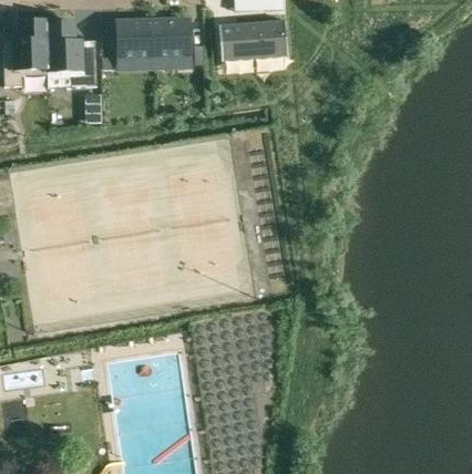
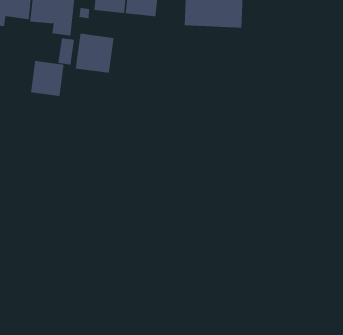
building: none -> [75,33,114,74]
building: none -> [30,60,64,97]

